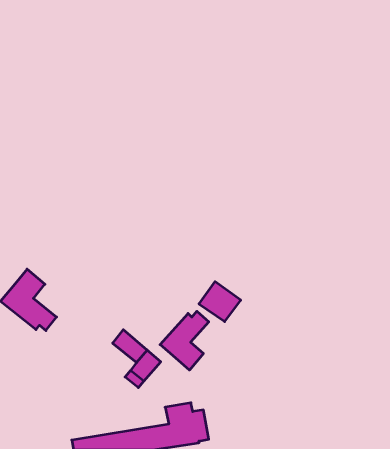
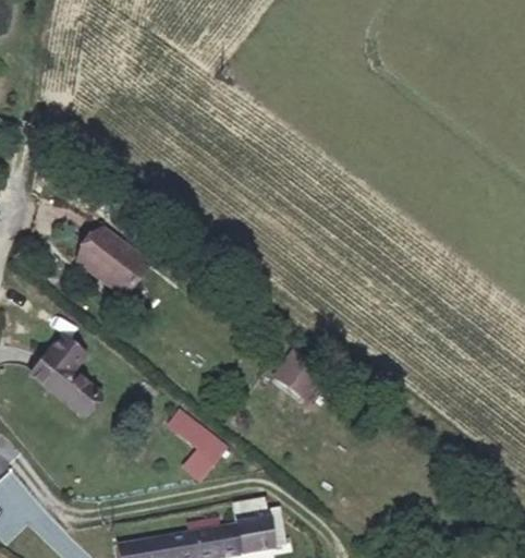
building: none -> [78,230,150,298]
building: [160,311,209,370] -> none

